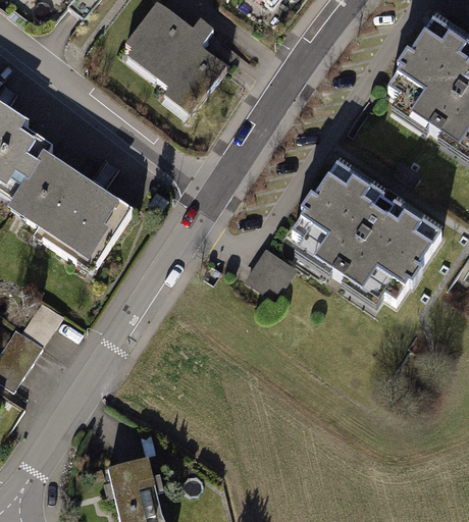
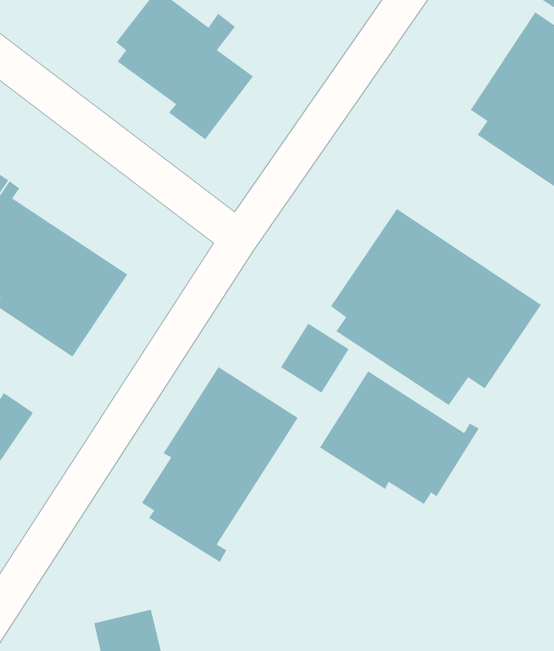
building: none -> [141,366,299,563]
building: none -> [319,371,480,505]

